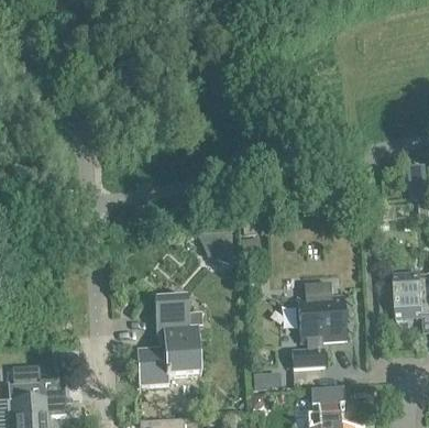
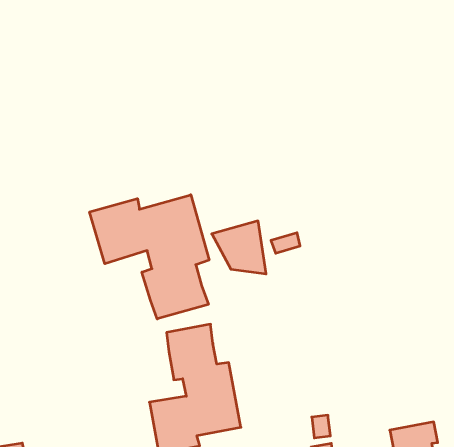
building: none -> [90,195,209,319]
building: [293,283,348,369] -> none

